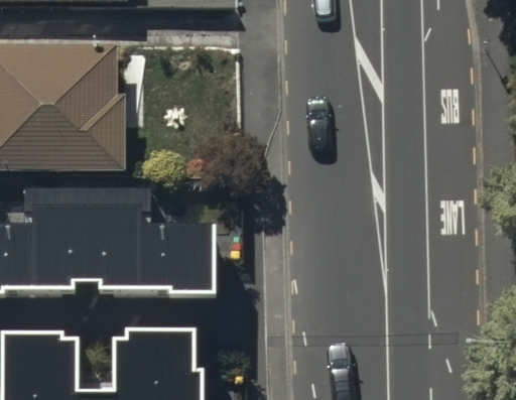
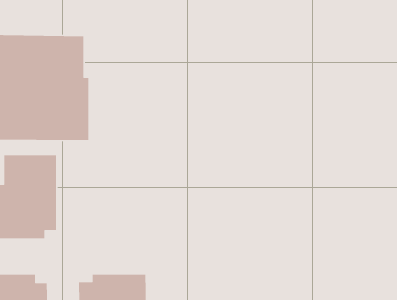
building: [86,187,215,296] -> none

